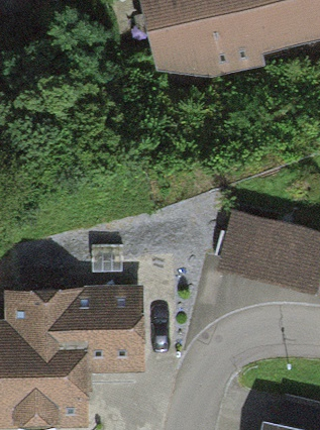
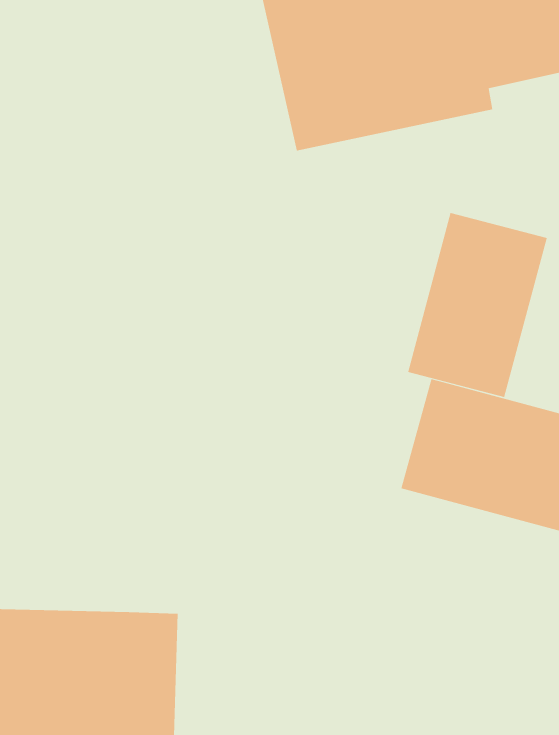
building: none -> [407,212,548,398]
building: [70,285,154,368] -> none

